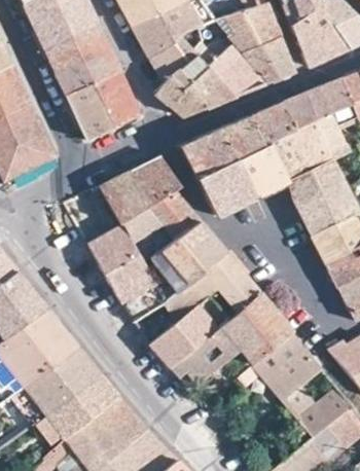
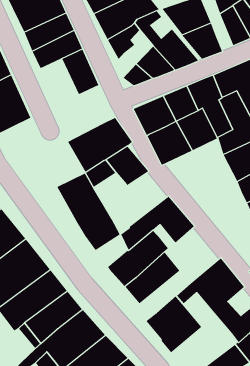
building: [155,45,208,105] -> none
building: [66,81,114,139] -> none
building: [150,222,227,292] -> none
building: [222,291,293,363] -> [146,296,202,353]

